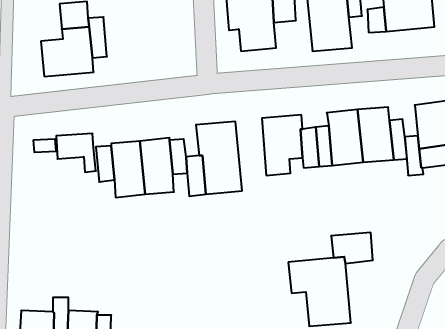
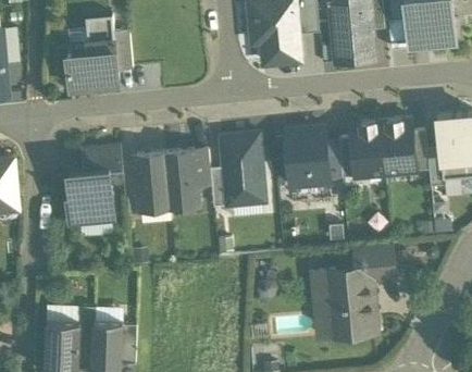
building: none -> [69,169,114,221]

